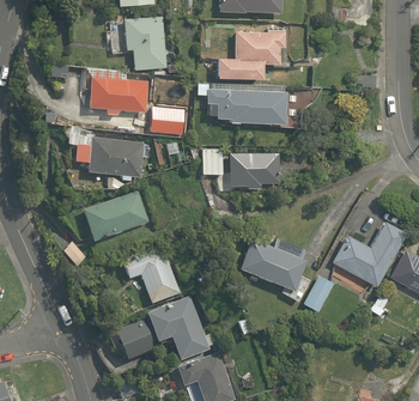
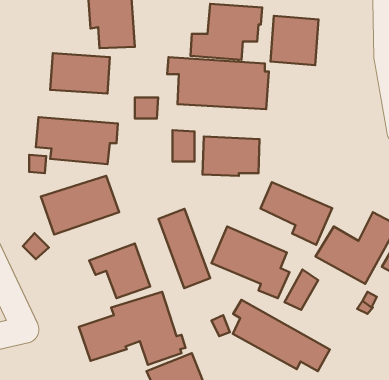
building: none -> [270,16,318,65]
building: none -> [260,182,332,245]
building: none -> [158,209,210,288]
building: none -> [233,300,330,371]

